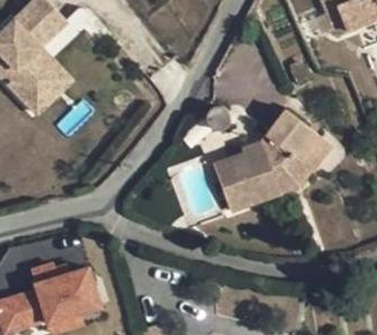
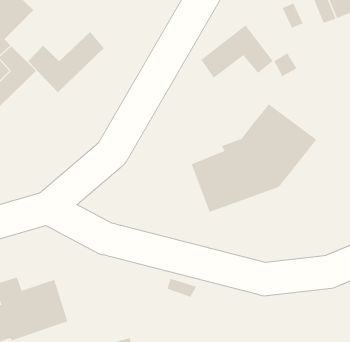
building: none -> [201,25,273,78]
building: none -> [28,31,105,93]

